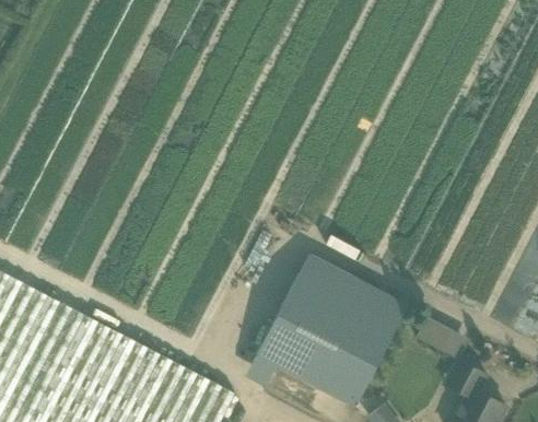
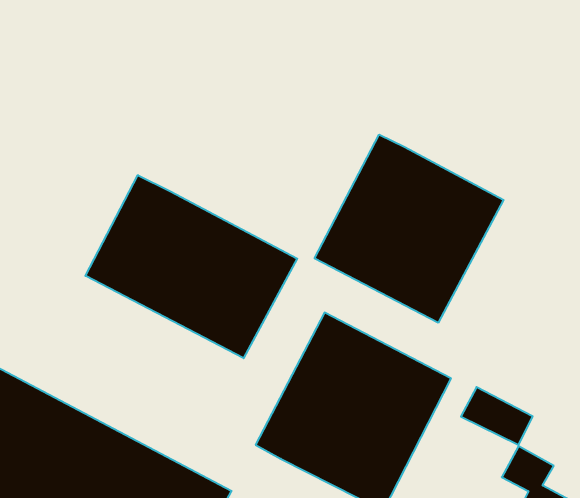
building: none -> [315,135,504,323]
building: none -> [85,175,297,358]

